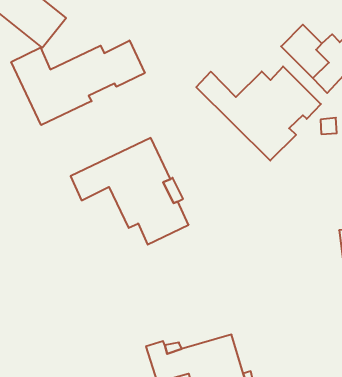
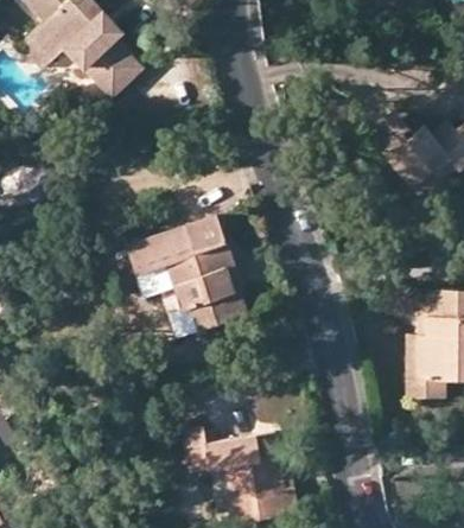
building: [11,40,145,125] -> none
building: [196,66,321,161] -> none

